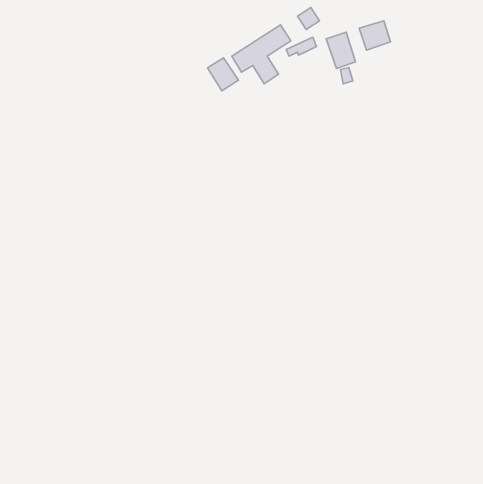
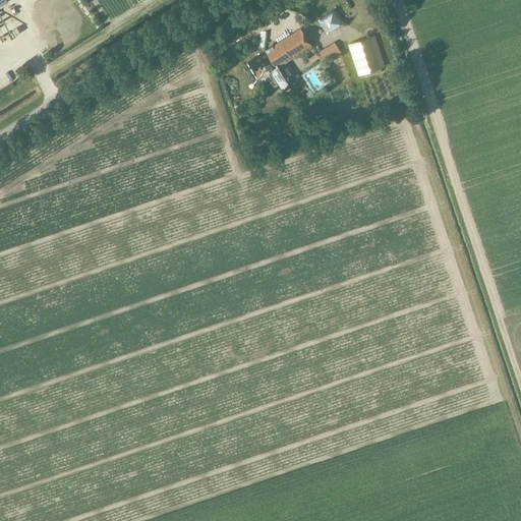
building: [359,21,390,50] -> none
building: [208,58,238,91] -> none

